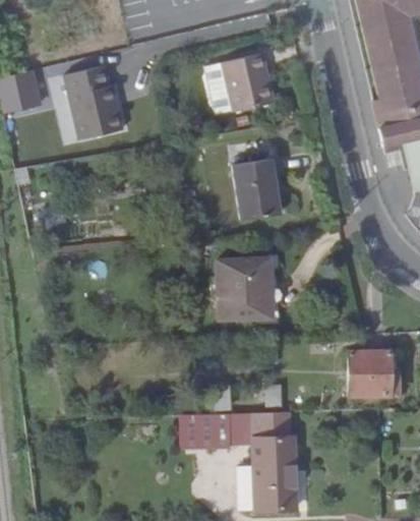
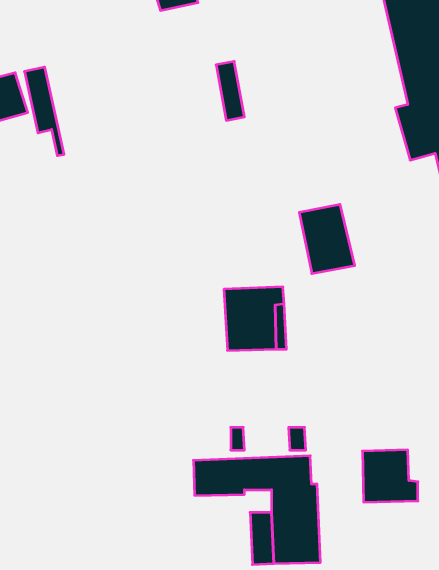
building: [225,52,275,109] -> none
building: [65,67,124,141] -> none
building: [226,158,276,220] -> [299,204,355,274]
building: [351,348,401,395] -> [362,450,418,502]

